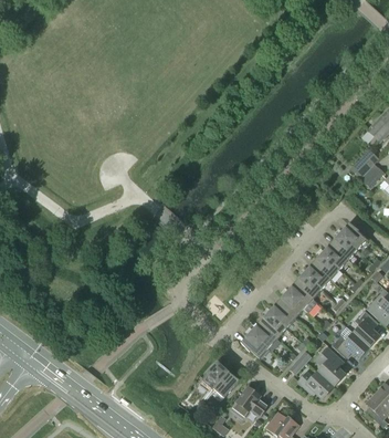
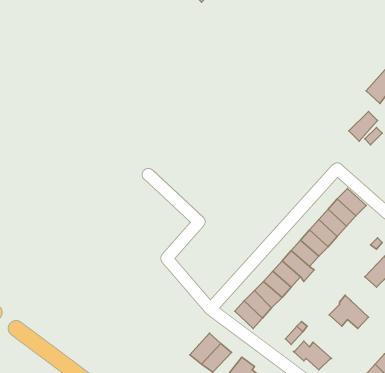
building: [353,310,379,347] -> none
building: [316,347,345,387] -> none

